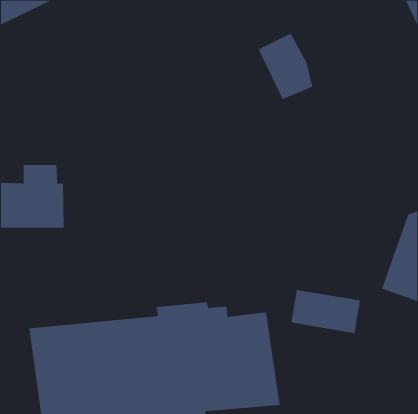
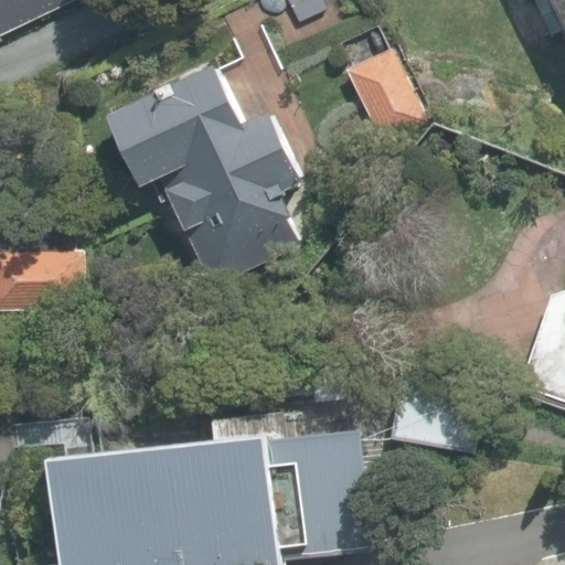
building: none -> [103,62,305,287]

